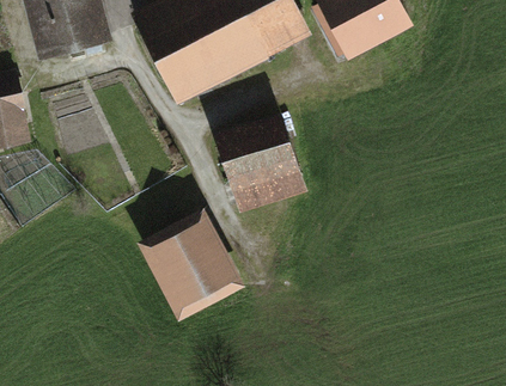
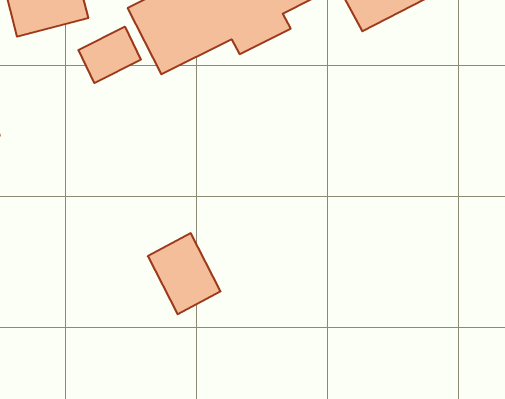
building: none -> [78,27,141,83]
building: [218,121,303,206] -> none

